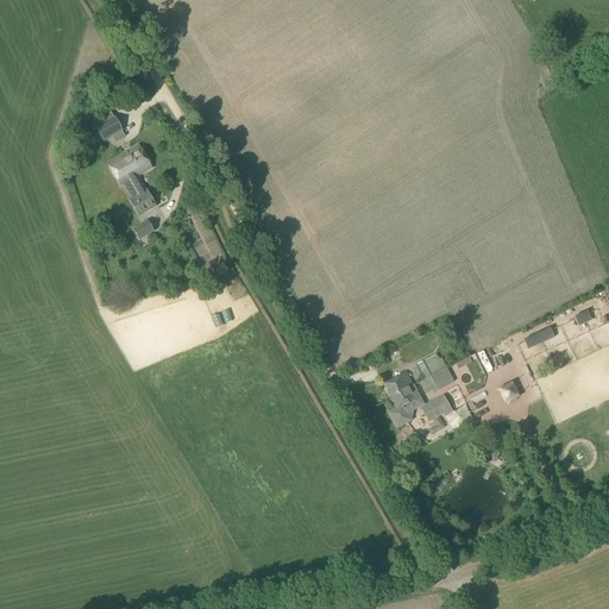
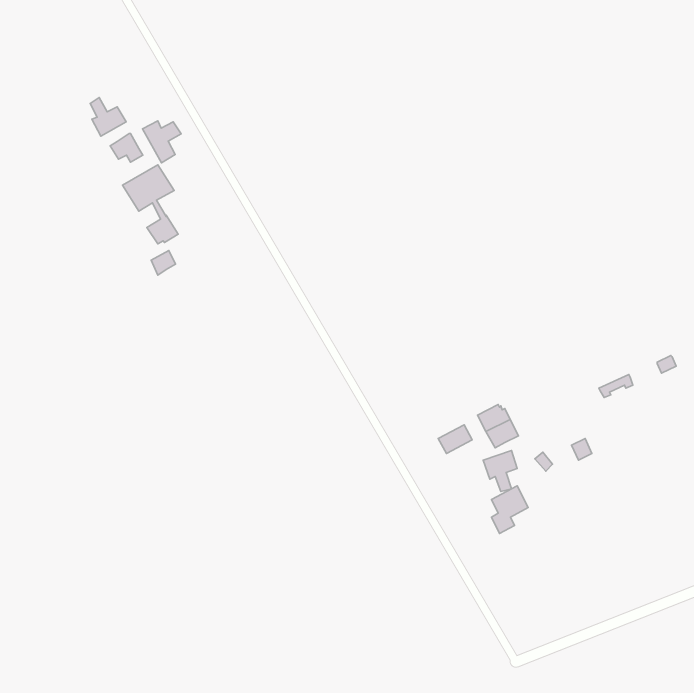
building: none -> [90,98,126,136]
building: none -> [142,121,181,163]
building: [391,384,423,426] -> [491,486,528,534]

